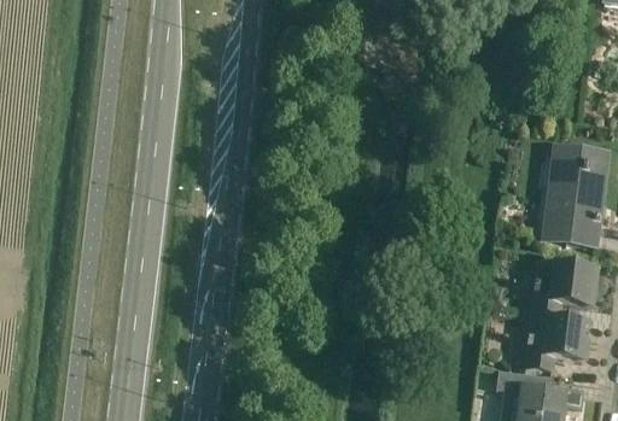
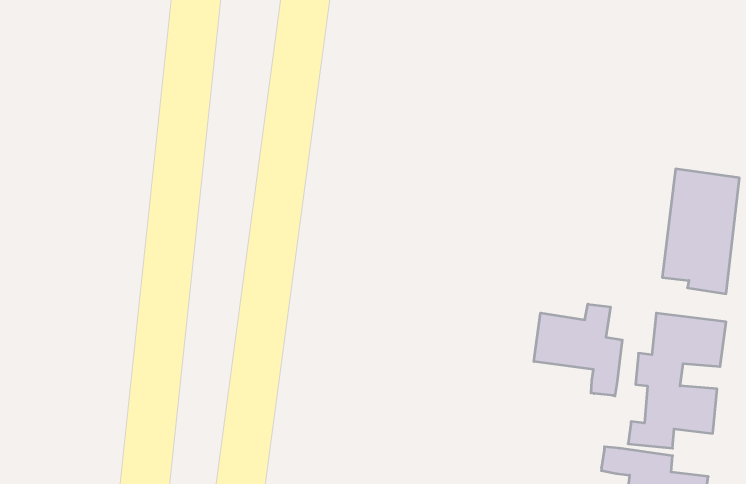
building: none -> [534,304,622,396]

